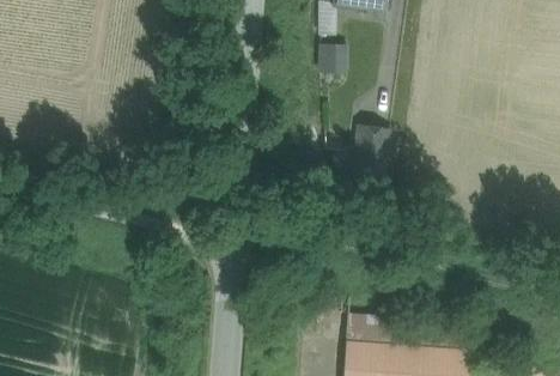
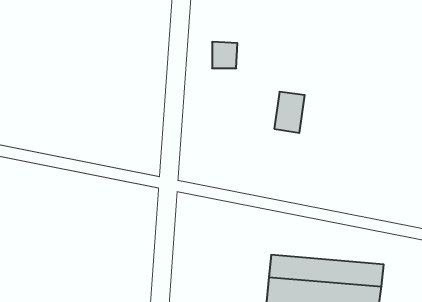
building: [319,42,348,72] -> [212,42,237,68]

